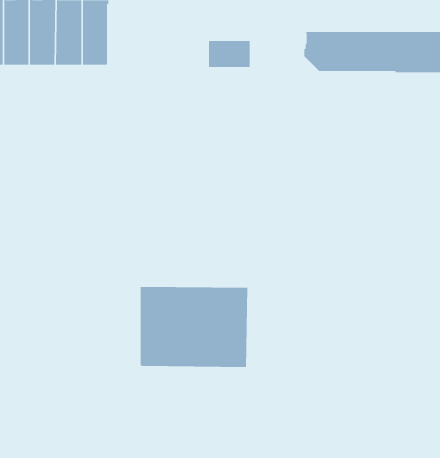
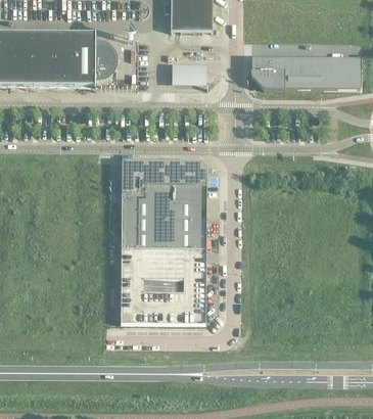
building: none -> [94,39,114,75]
building: none -> [121,158,205,247]

